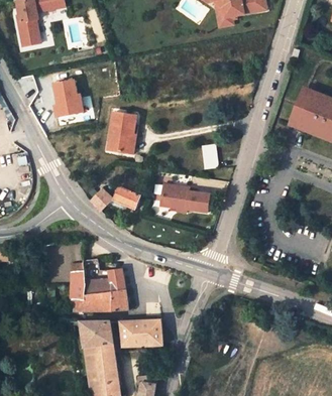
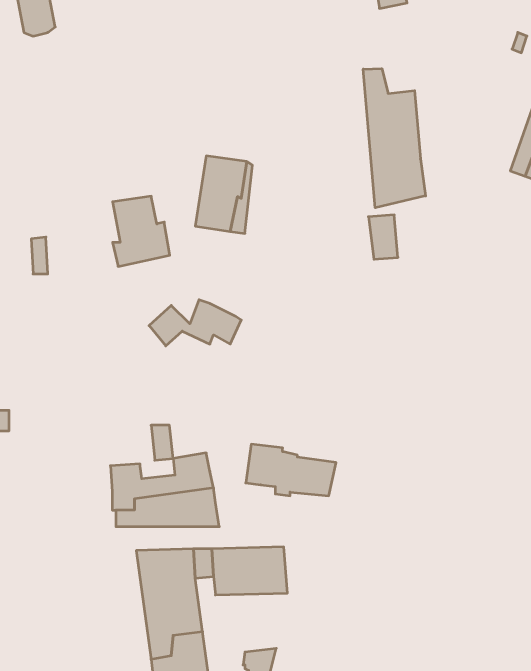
building: none -> [363,69,426,208]
building: [58,77,89,115] -> [113,196,170,266]
building: [169,180,218,209] -> [246,444,336,496]

